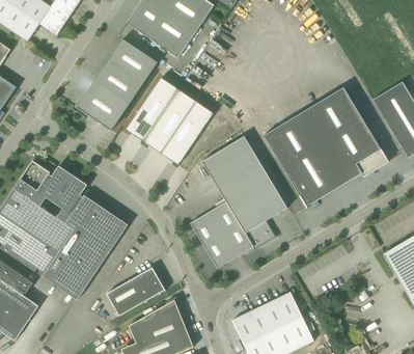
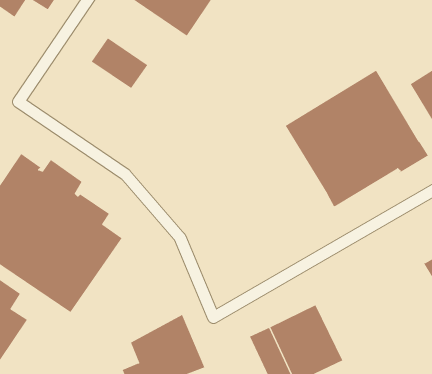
building: [109,37,158,82] -> none
building: [126,76,214,164] -> none
building: [77,79,130,130] -> none
building: [191,135,287,267] -> none
building: [107,266,166,315] -> none

